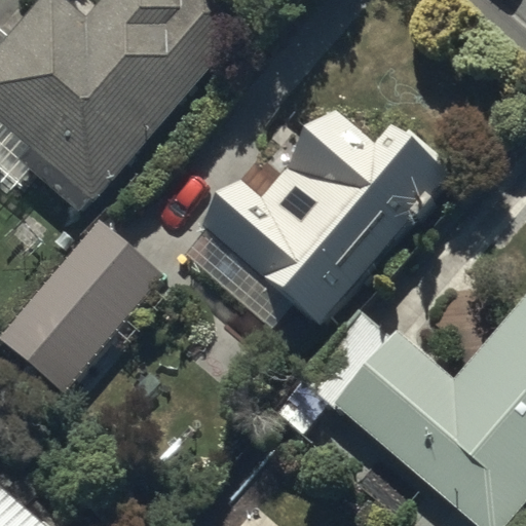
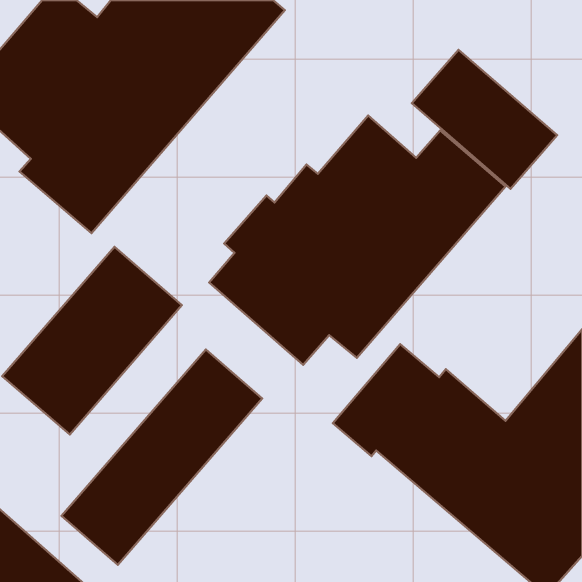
building: none -> [412,50,557,189]
building: none -> [62,349,262,565]

